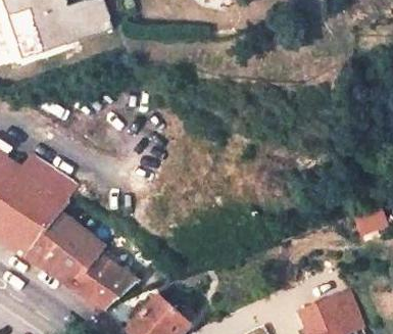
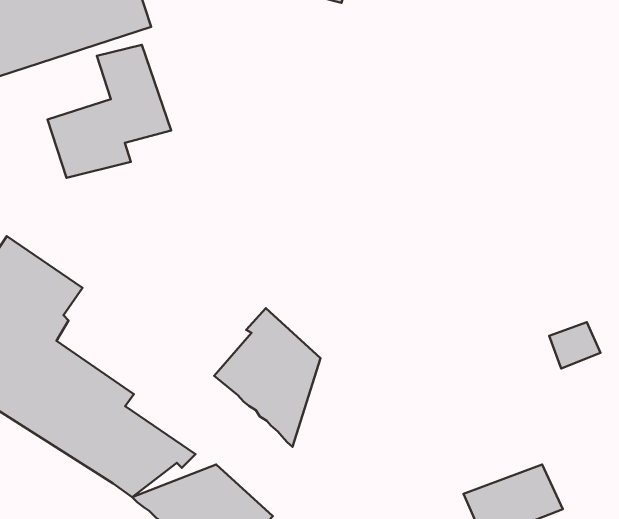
building: none -> [48,45,171,178]
building: none -> [214,308,321,447]

